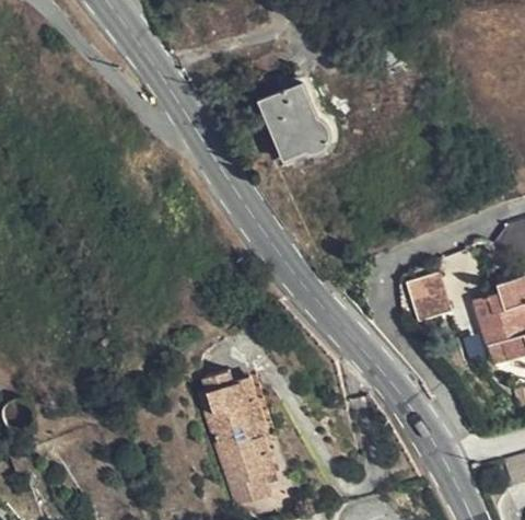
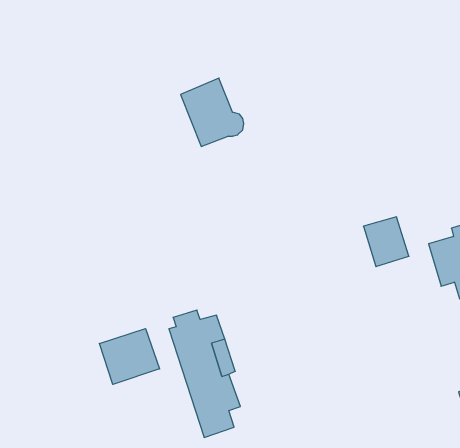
building: [261,83,328,155] -> [181,78,244,146]
building: none -> [99,329,160,384]

